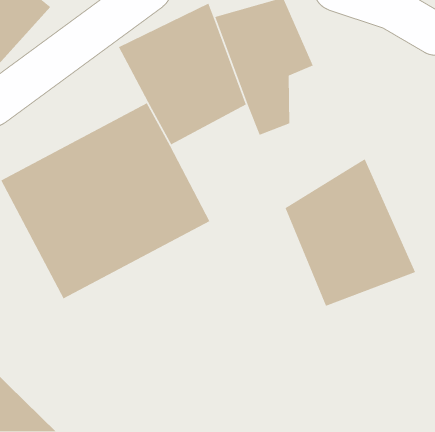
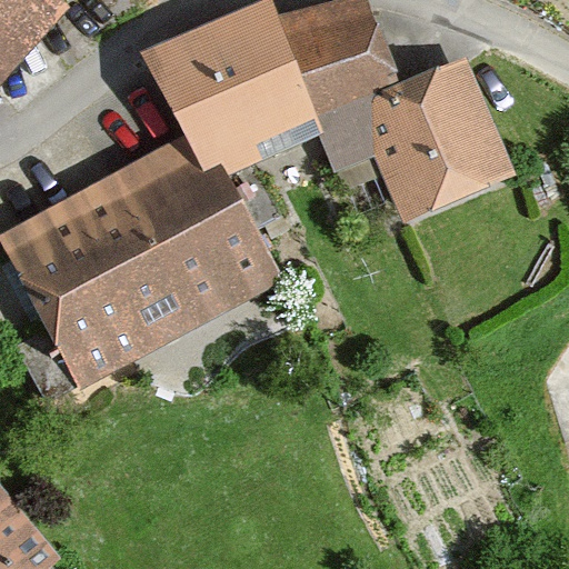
building: none -> [371,58,513,223]
building: [285,158,416,307] -> none

